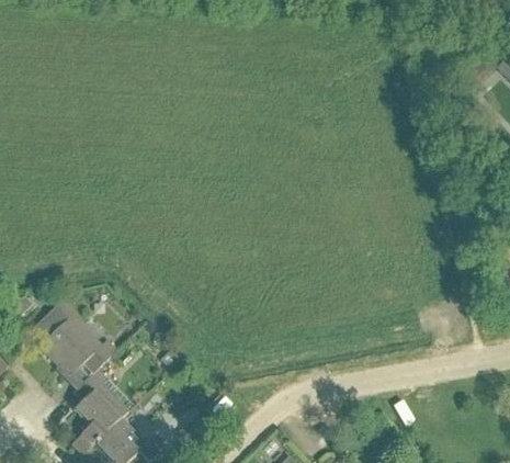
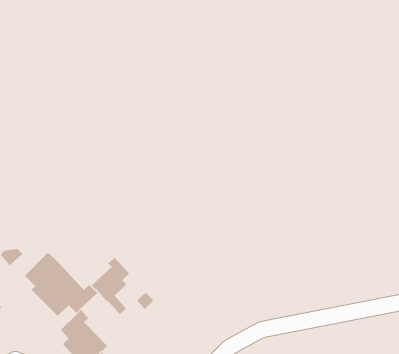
building: none -> [91,257,130,315]

